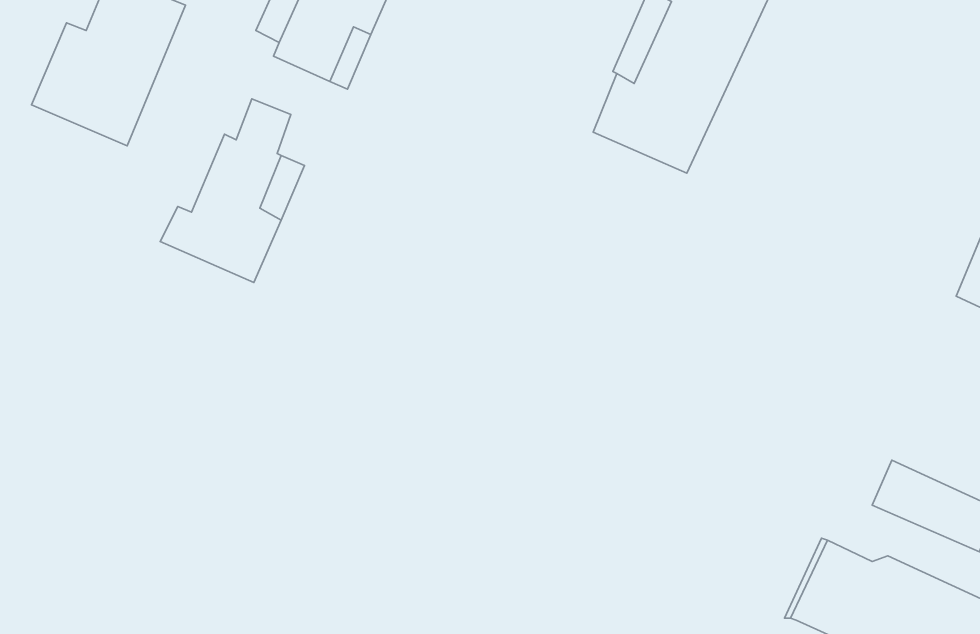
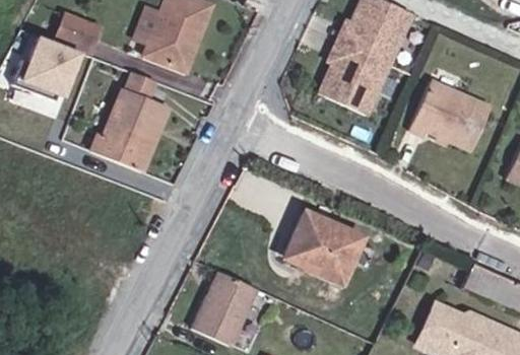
building: none -> [408,78,491,148]
building: none -> [280,208,362,283]
building: none -> [193,271,257,345]

